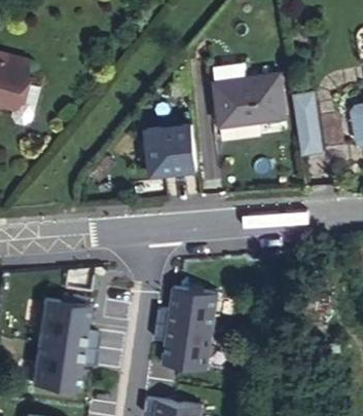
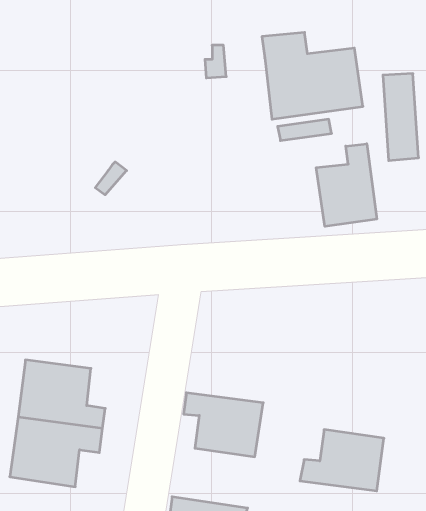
building: [148,124,199,177] -> none
building: none -> [316,144,377,226]
building: [159,288,220,332] -> [300,430,384,491]

